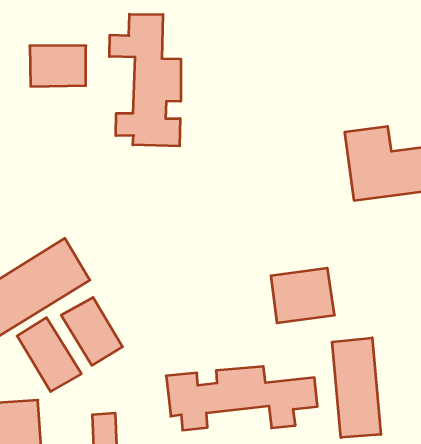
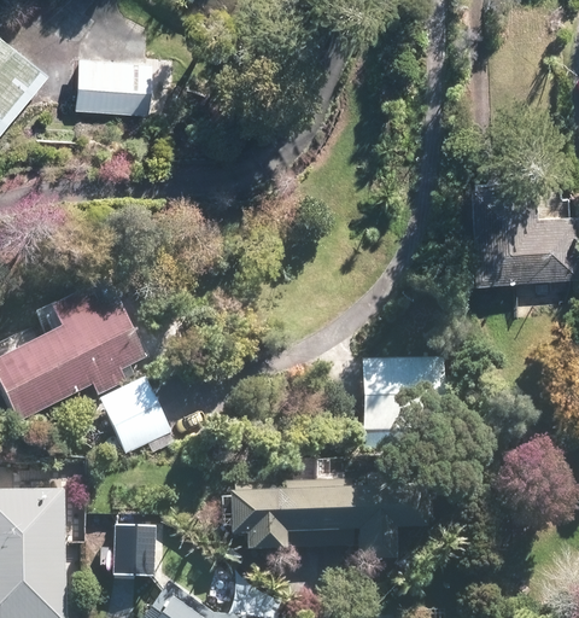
building: [109,14,181,146] -> none
building: [17,318,81,392] -> none
building: [332,338,381,438] -> none

